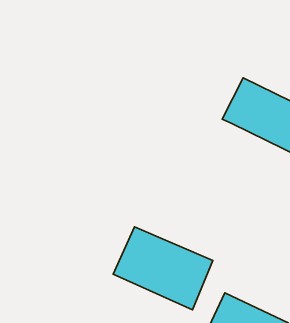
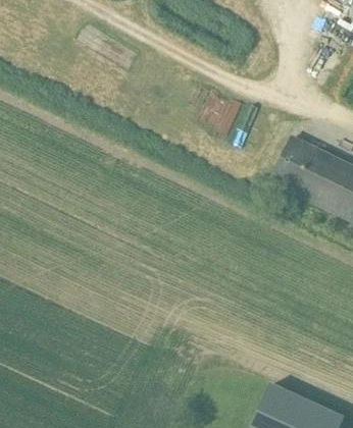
building: [113,227,213,310] -> none

